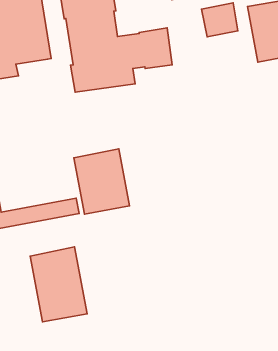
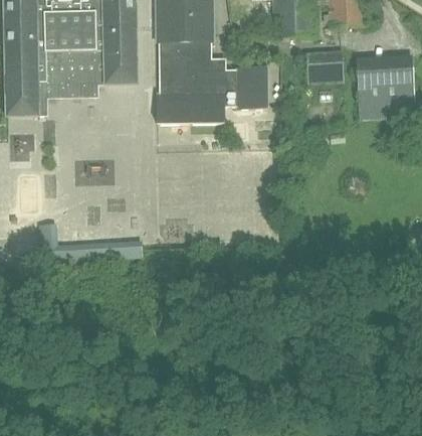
building: [74,149,130,214] -> none
building: [30,247,87,322] -> none

